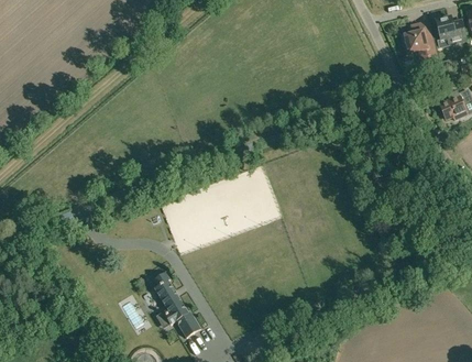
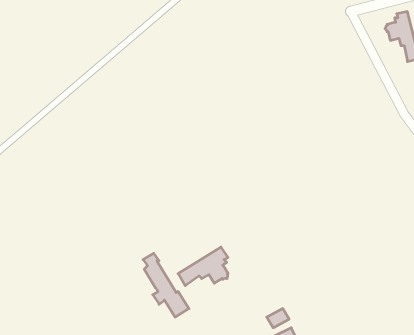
building: none -> [178,247,228,286]

